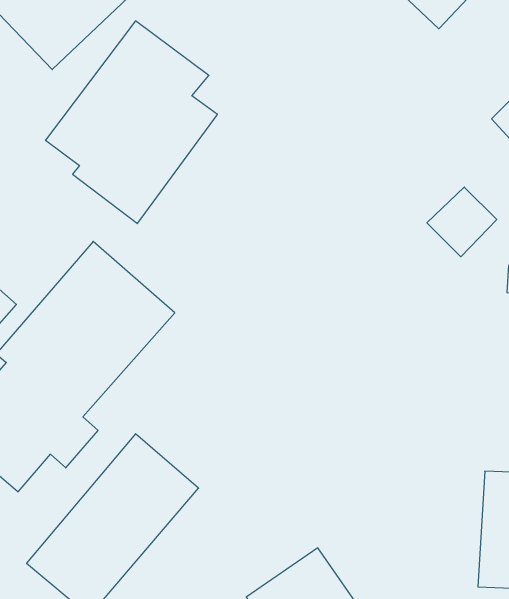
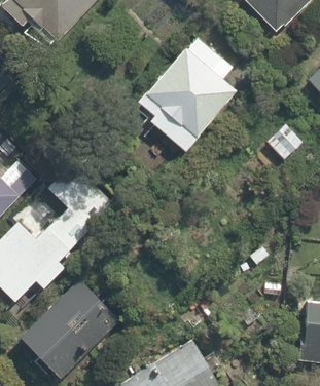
building: [45,21,217,224] -> [135,34,239,156]

